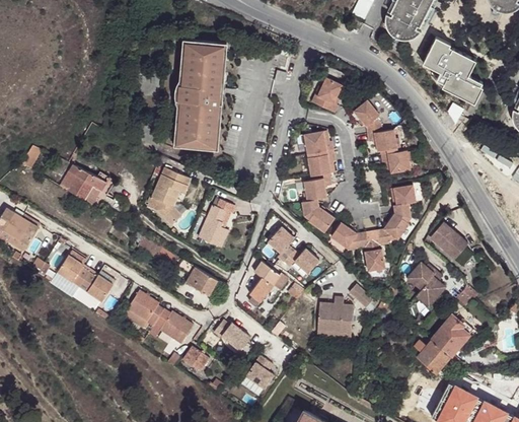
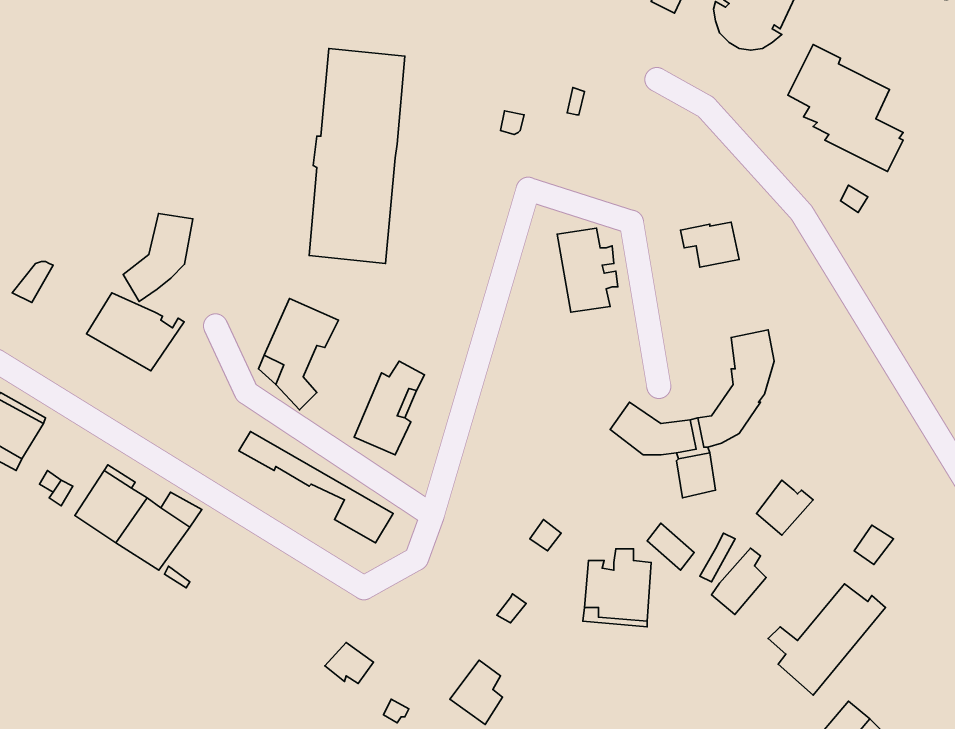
building: [311,76,342,112] -> none
building: [354,99,382,132] -> none
building: none -> [123,213,193,302]
building: [381,149,411,172] -> none
building: [302,175,335,231] -> none
building: [429,221,467,259] -> none
building: [268,225,319,273] -> none
building: [250,260,292,305] -> none
building: [416,272,444,306] -> [712,548,766,615]
building: [125,288,194,345] -> none
building: [215,320,250,350] -> none

